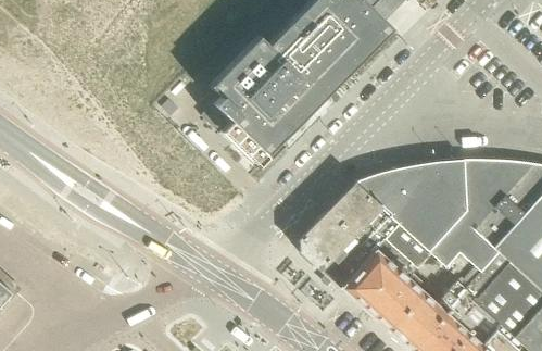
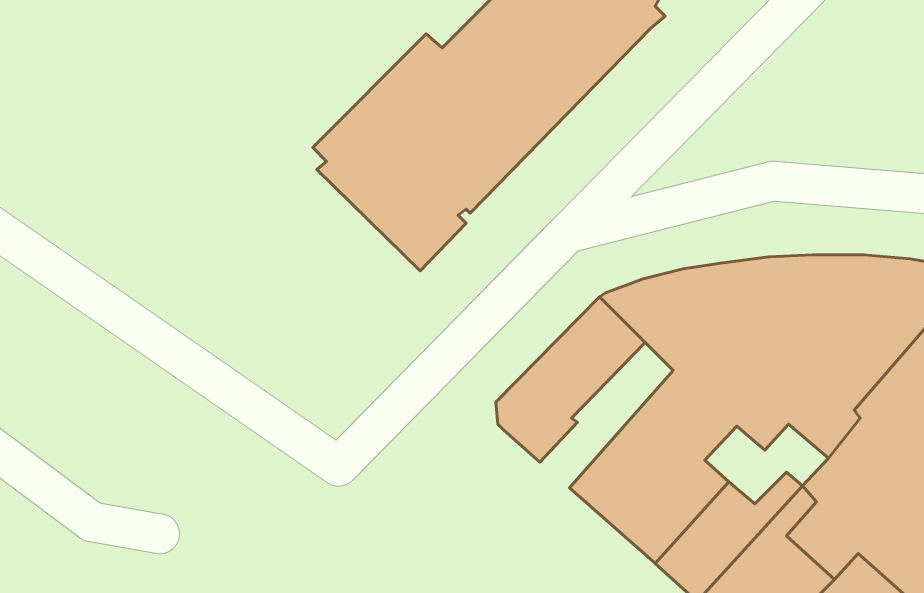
building: [327,206,400,286] -> none

